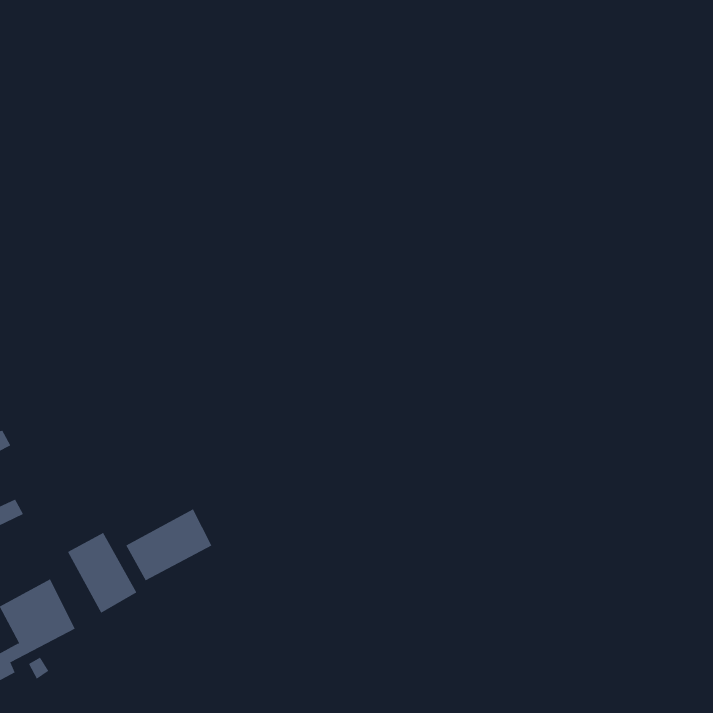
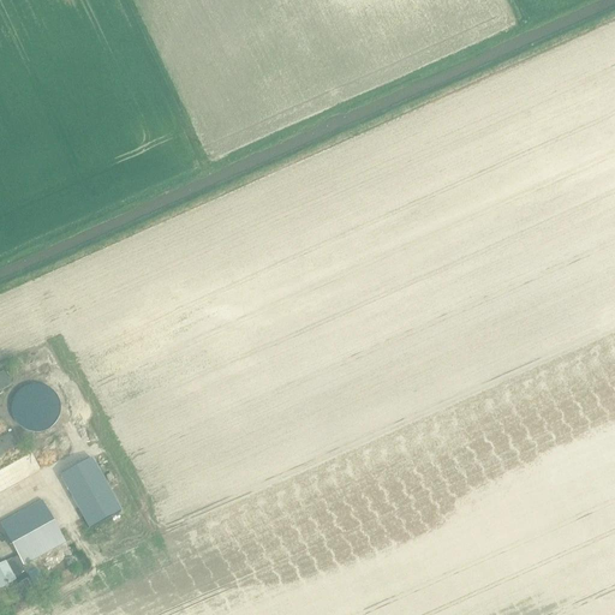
building: [126,508,212,581] -> none

